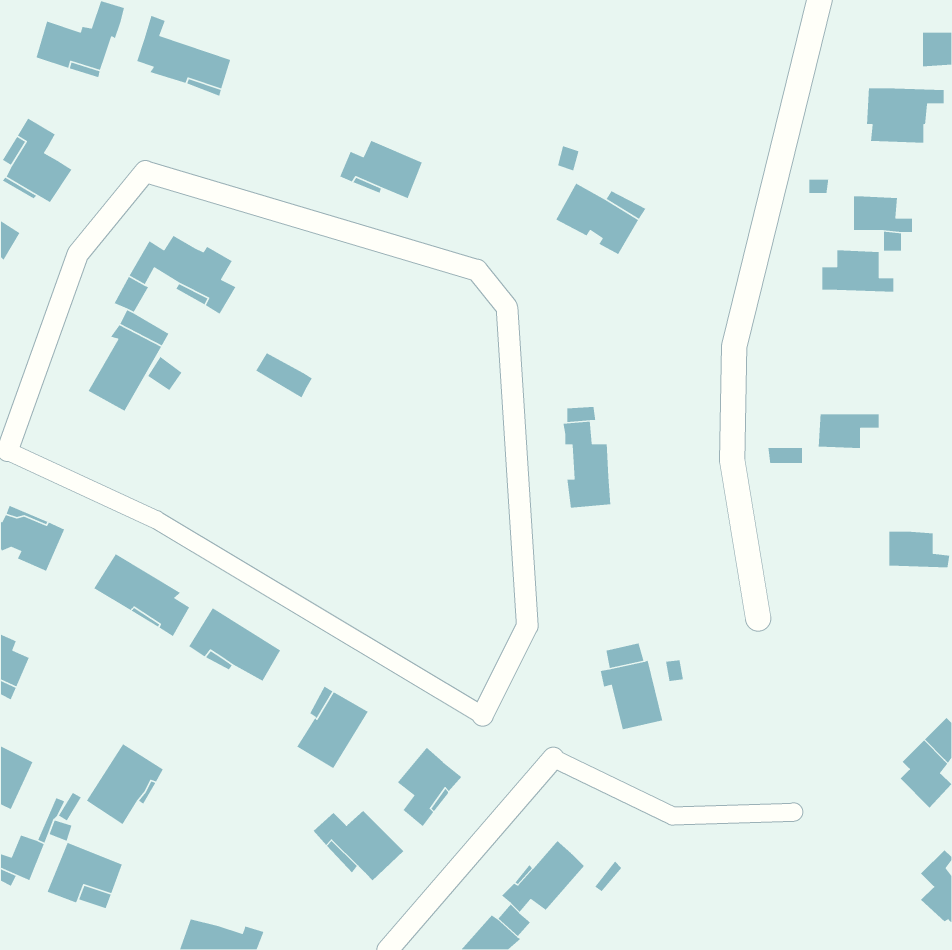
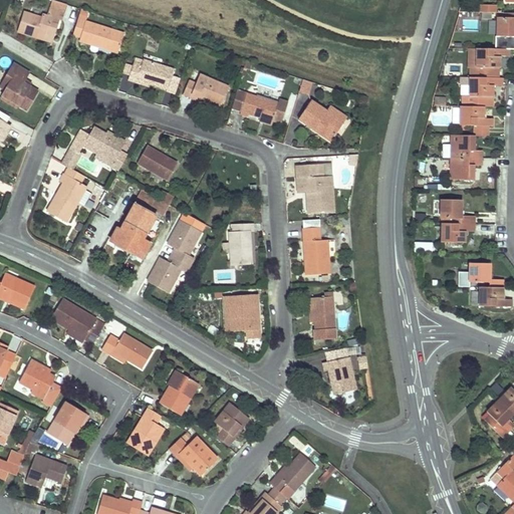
building: none -> [128,58,174,89]
building: none -> [462,76,502,103]
building: none -> [231,88,287,121]
building: none -> [137,145,177,179]
building: none -> [450,157,482,179]
building: none -> [295,164,334,211]
building: none -> [440,199,474,223]
building: none -> [111,203,156,258]
building: none -> [149,220,203,293]
building: none -> [230,223,254,264]
building: none -> [469,263,503,287]
building: none -> [224,295,259,330]
building: none -> [313,295,337,338]
building: none -> [19,359,62,406]
building: none -> [130,408,164,455]

